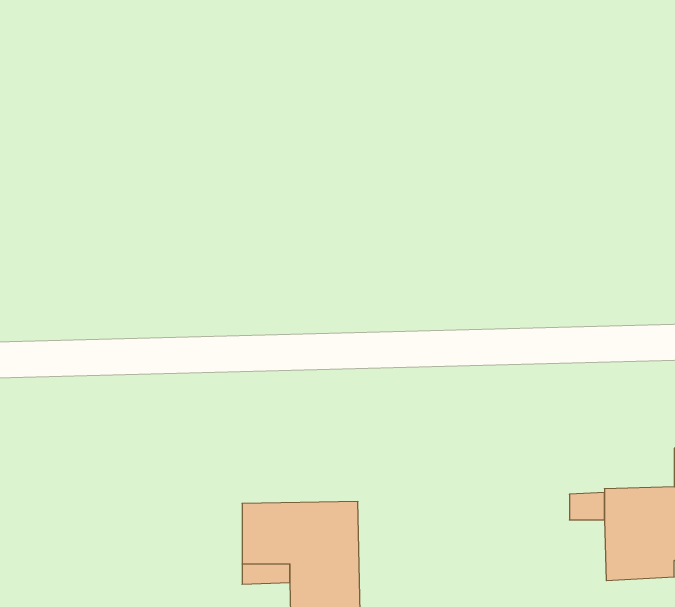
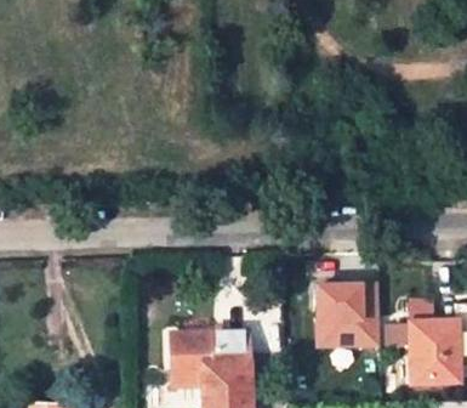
building: none -> [317,285,377,347]

